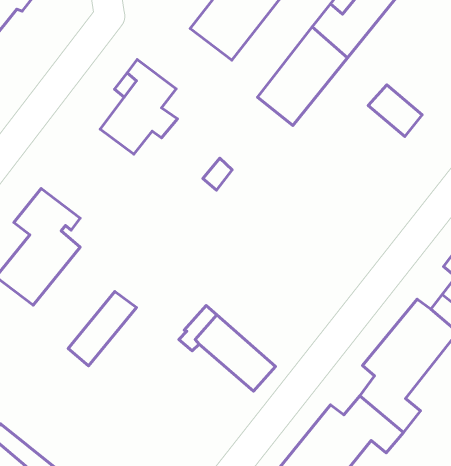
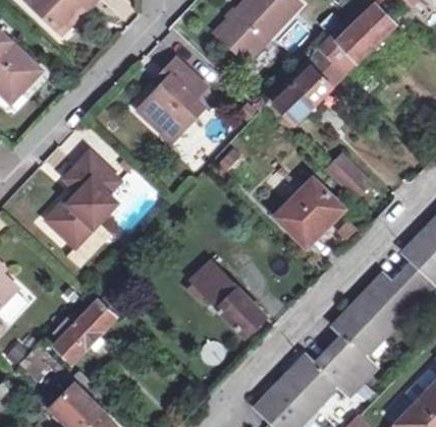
building: [368,85,422,136] -> [329,154,372,196]
building: none -> [279,174,345,242]
building: [68,292,136,366] -> [56,299,114,357]

